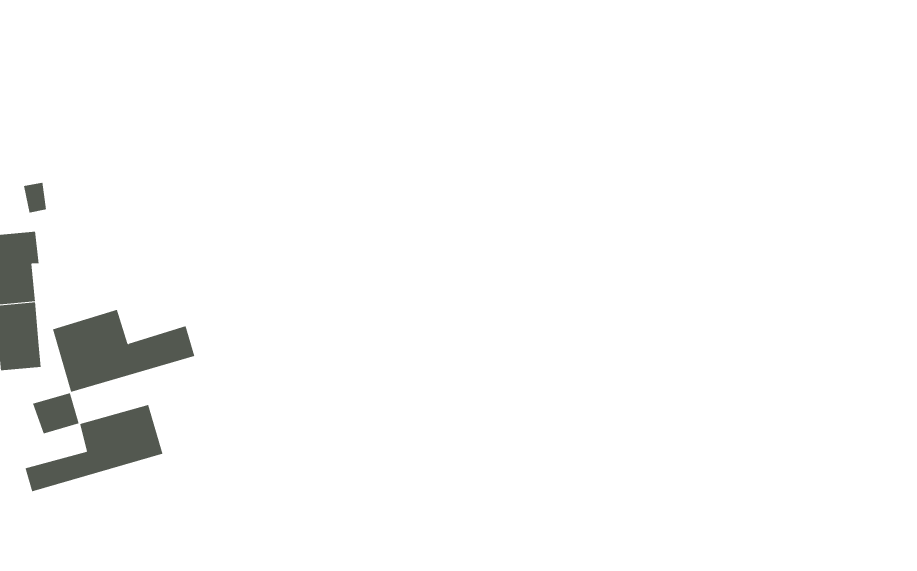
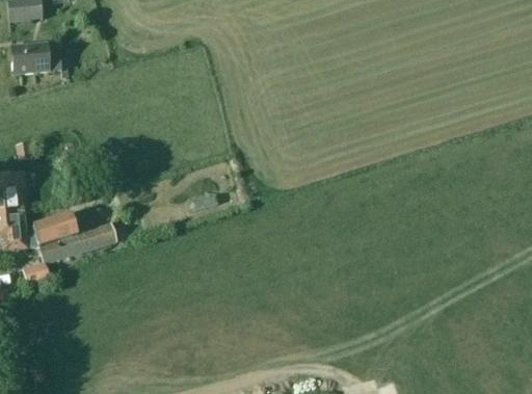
building: none -> [10,44,60,75]
building: [25,404,163,492] -> none

